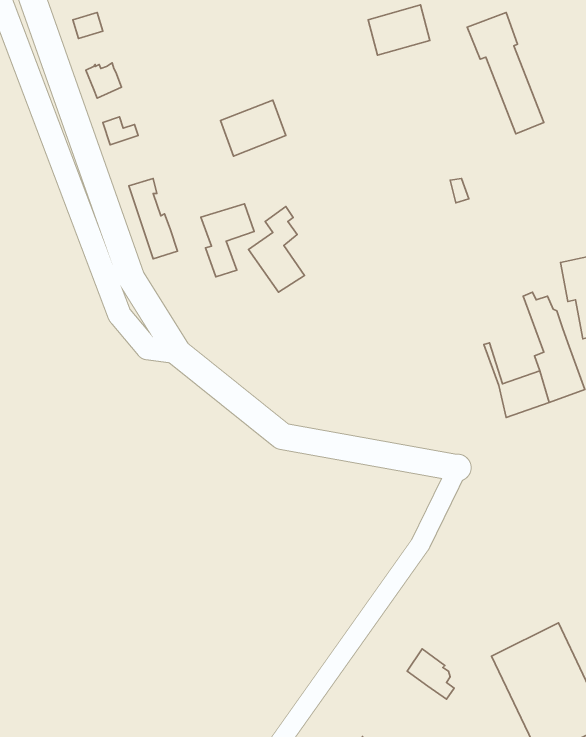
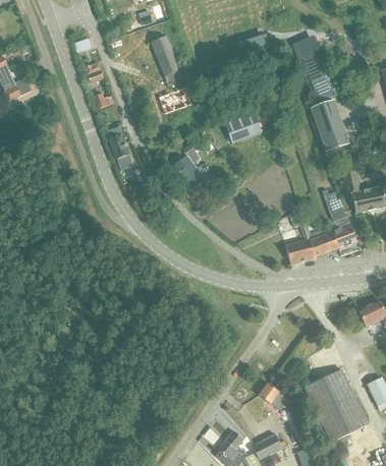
building: none -> [150,36,182,84]
building: none -> [310,100,348,152]
building: none -> [225,113,261,142]
building: [201,204,254,277] -> none
building: none -> [284,217,314,265]

